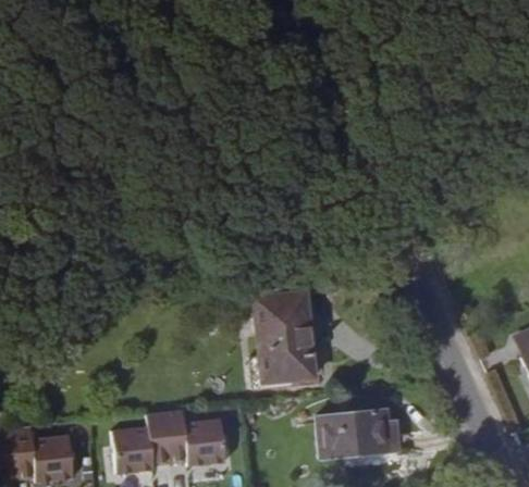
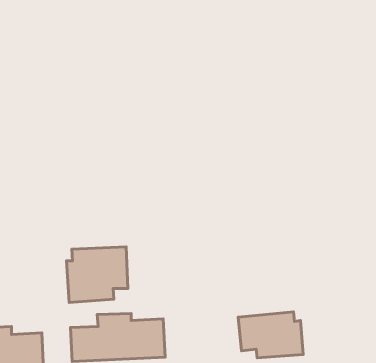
building: [255,289,316,380] -> none
building: none -> [67,247,128,302]

